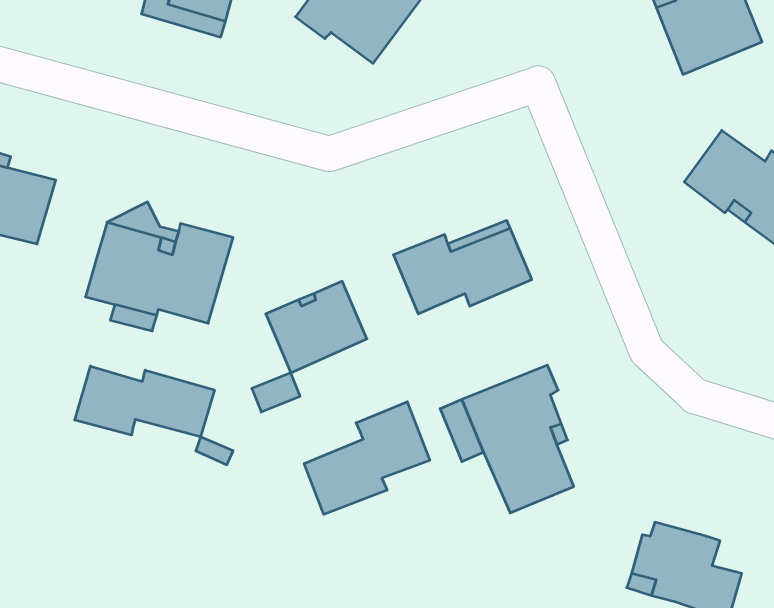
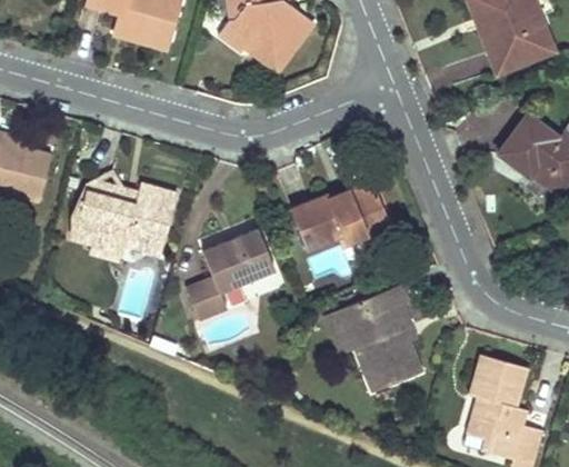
building: [75,366,214,437] -> none
building: [304,402,430,514] -> none
building: none -> [467,355,528,408]

